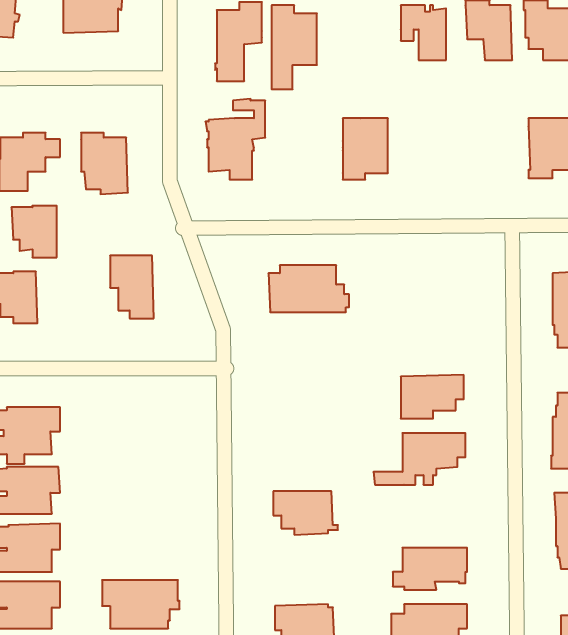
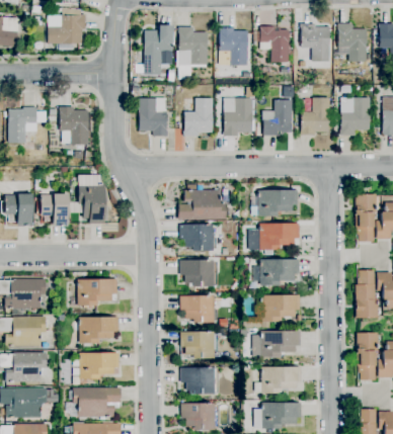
building: none -> [220,28,248,66]
building: none -> [184,98,213,137]
building: none -> [301,98,331,136]
building: none -> [262,100,293,136]
building: [11,206,57,257] -> [40,194,68,227]
building: none -> [257,190,298,216]
building: none -> [179,224,217,251]
building: none -> [259,224,299,256]
building: none -> [179,260,217,287]
building: none -> [71,279,117,306]
building: none -> [180,296,218,323]
building: none -> [79,317,119,344]
building: none -> [253,331,301,357]
building: none -> [79,353,120,379]
building: none -> [180,367,219,395]

